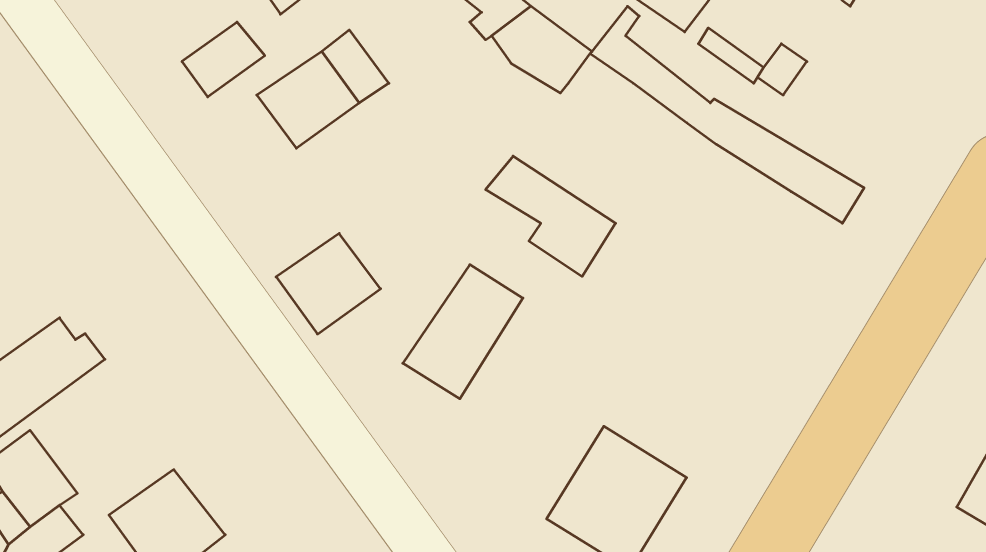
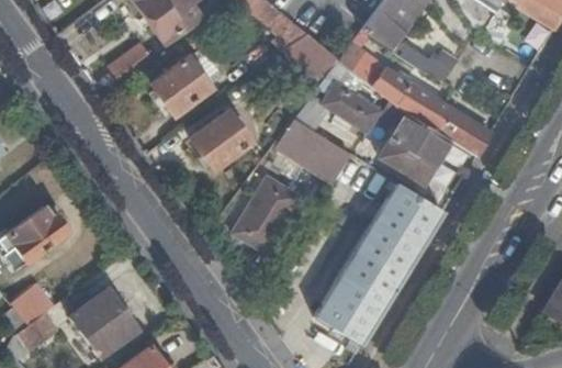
building: none -> [322,60,379,132]
building: none -> [381,99,451,182]
building: [276,233,381,334] -> [192,112,250,168]
building: none -> [347,183,445,297]

